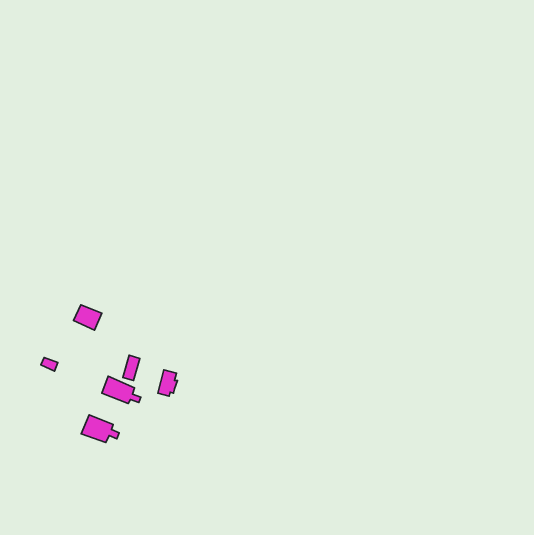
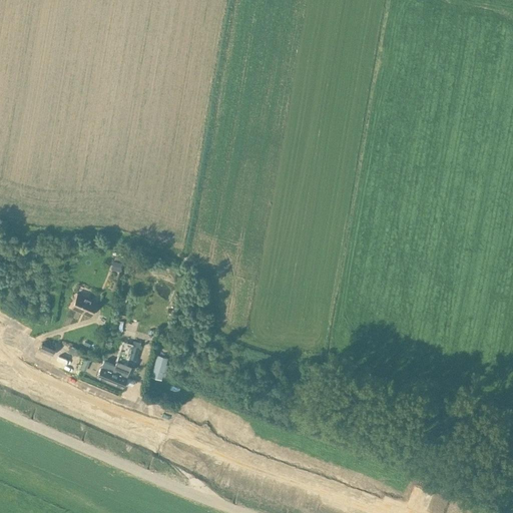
building: [81,415,119,442] -> none

